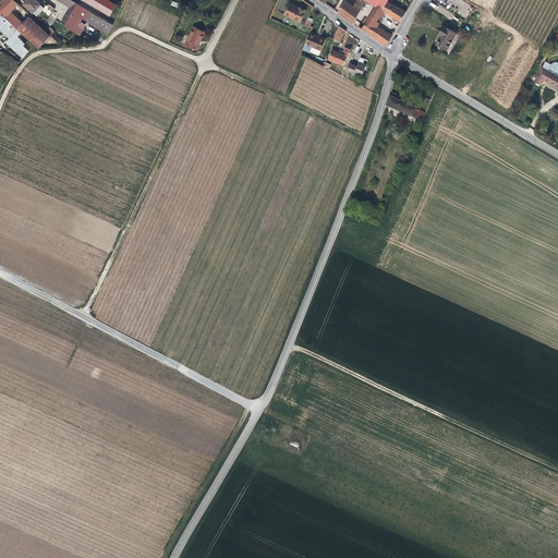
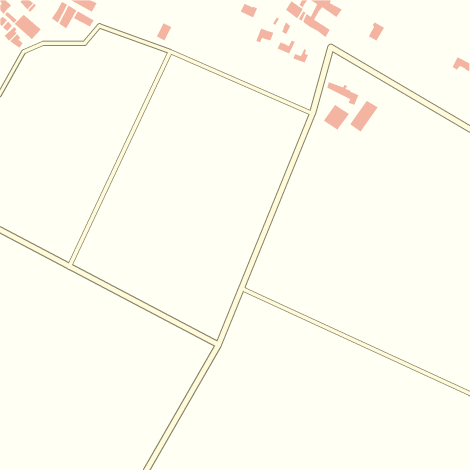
building: none -> [349,100,379,133]
building: none -> [323,104,350,132]

